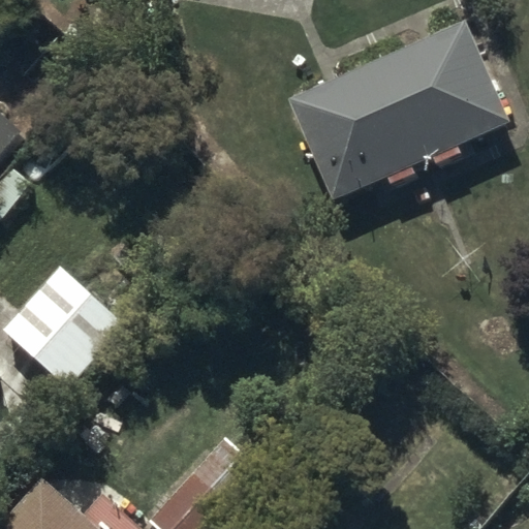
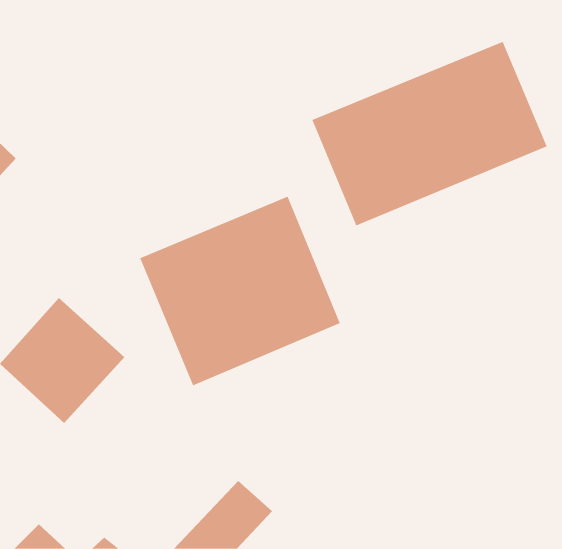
building: none -> [139,196,340,386]

